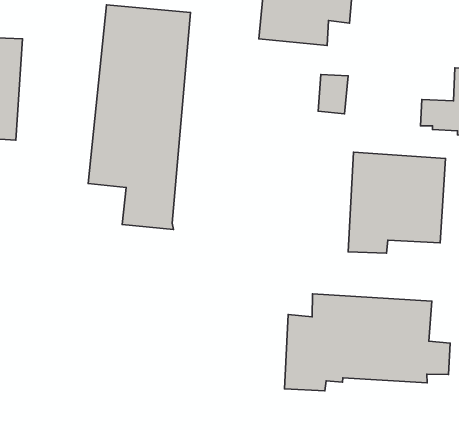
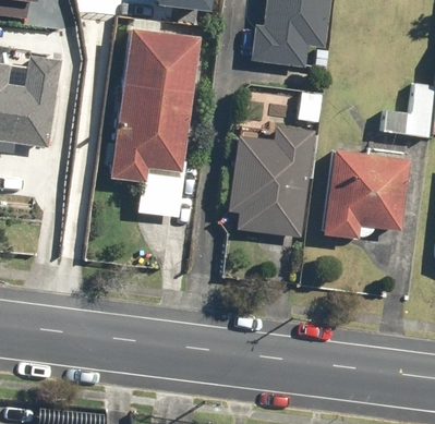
building: none -> [230,125,314,234]
building: [285,294,450,391] -> none

